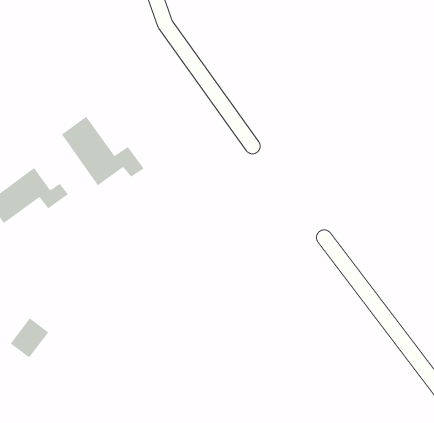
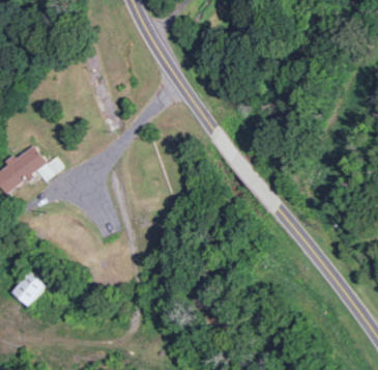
building: [61,116,145,186] -> none

